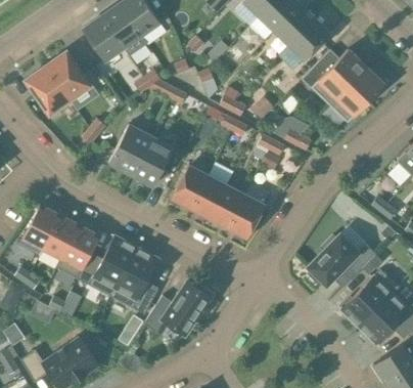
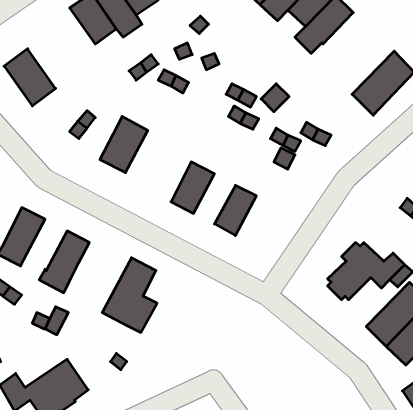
building: [302,49,366,104] -> none
building: [45,50,90,99] -> none
building: [131,136,173,185] -> none
building: [190,174,227,218] -> none
building: [227,193,265,239] -> none
building: [42,214,80,259] -> none
building: [77,235,136,296] -> none
building: [142,281,216,334] -> none

